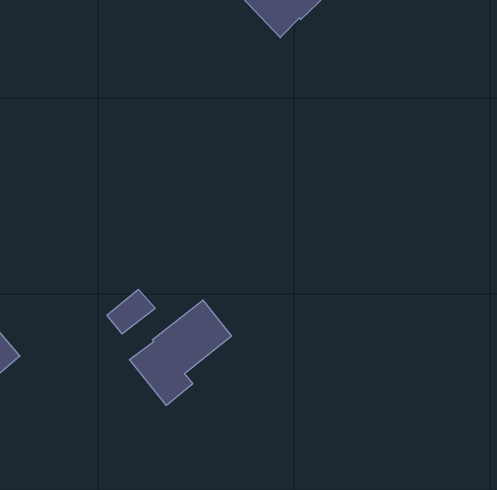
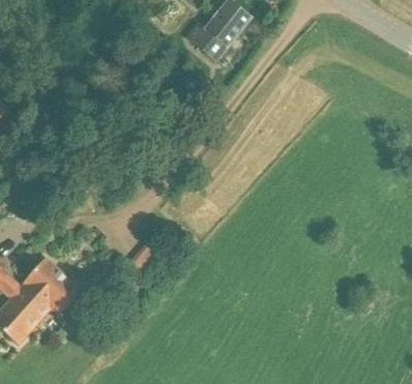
building: [129,300,231,405] -> none

